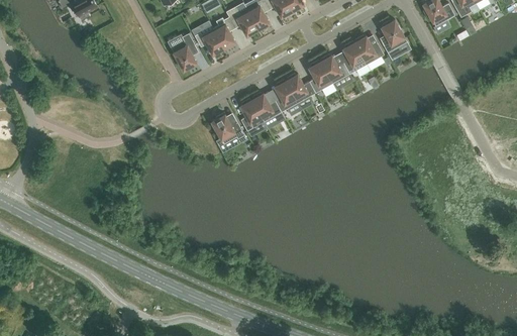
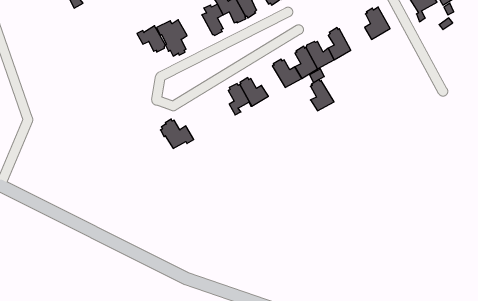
building: [194,27,223,54] -> [137,26,165,52]
building: [353,35,383,64] -> none
building: [274,79,298,111] -> [310,79,334,111]
building: [210,113,244,143] -> [160,119,194,148]

